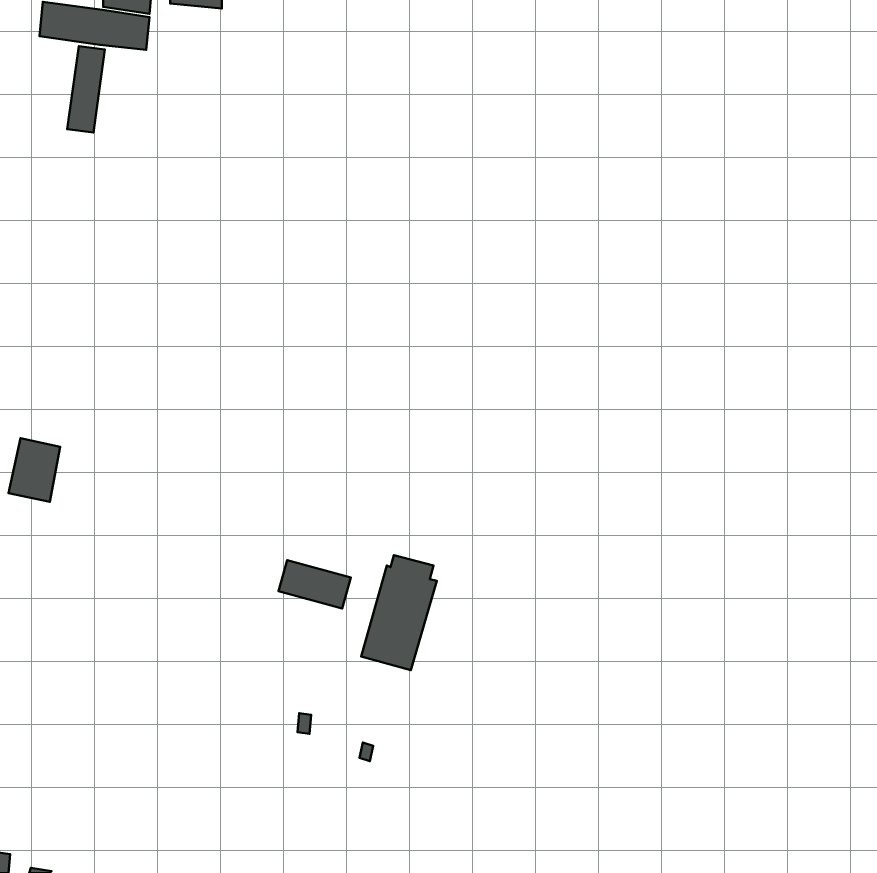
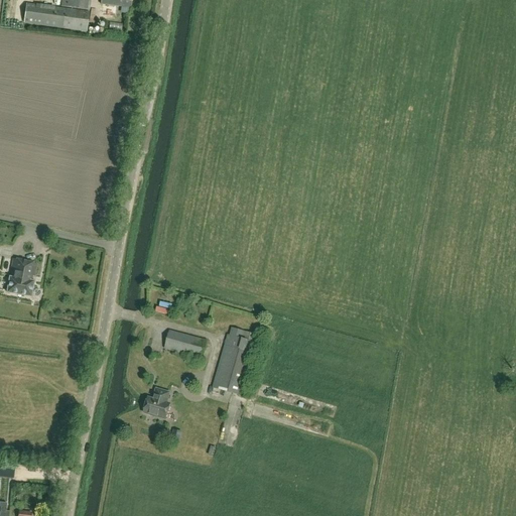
building: [67,46,105,132] -> none
building: none -> [142,387,168,416]

